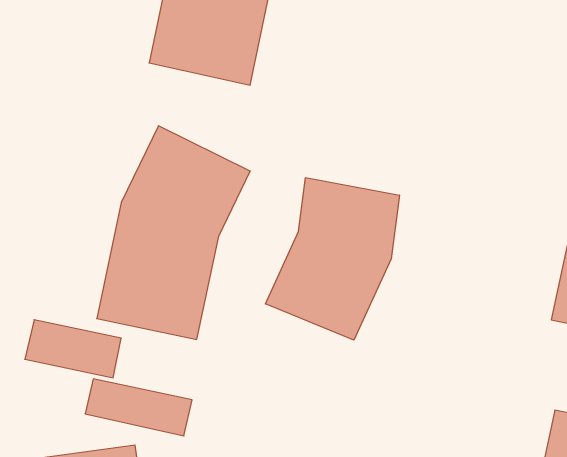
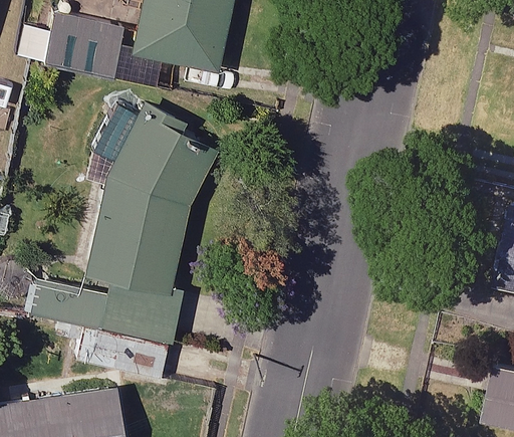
building: none -> [41,14,125,79]
building: [265,178,399,340] -> none

